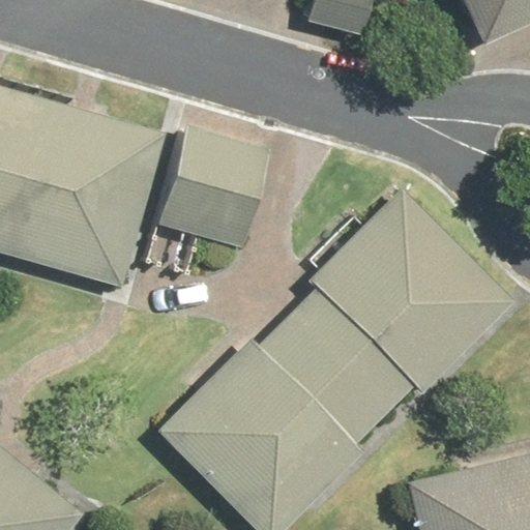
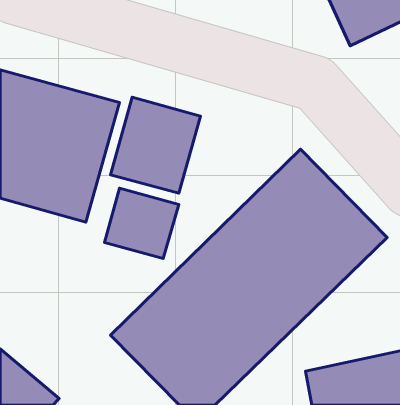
building: none -> [105,188,179,259]

